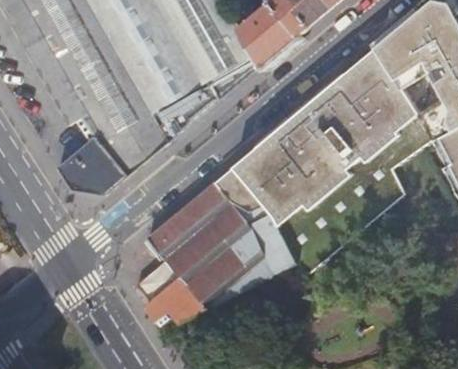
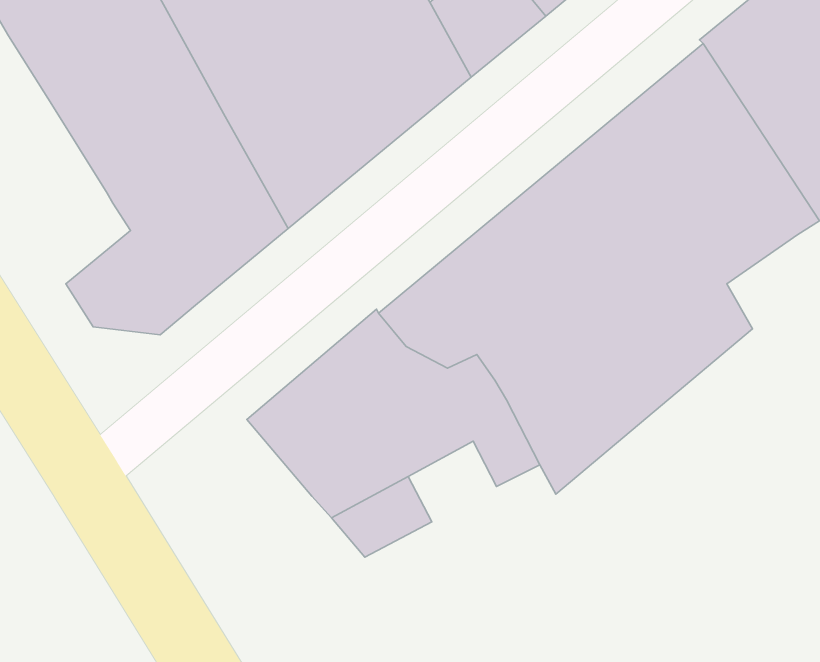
building: [226,250,271,291] -> none
building: [141,278,204,333] -> none

